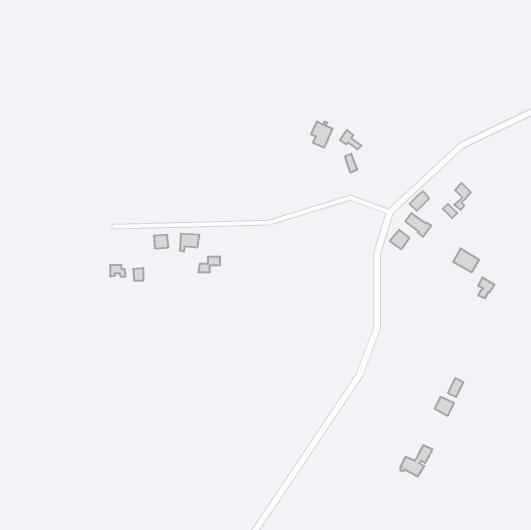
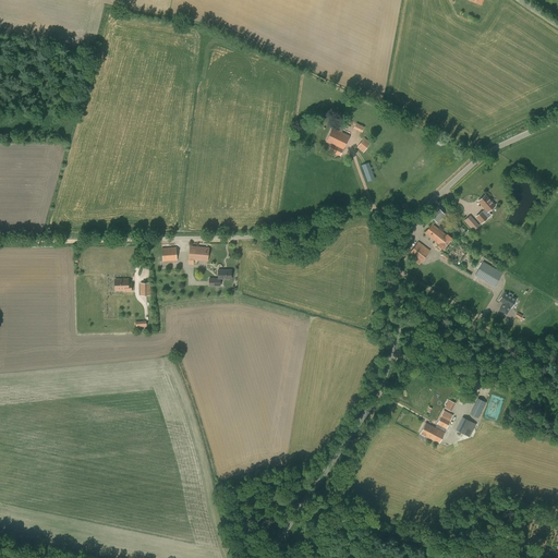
building: [400,445,433,476] -> [420,410,453,442]

